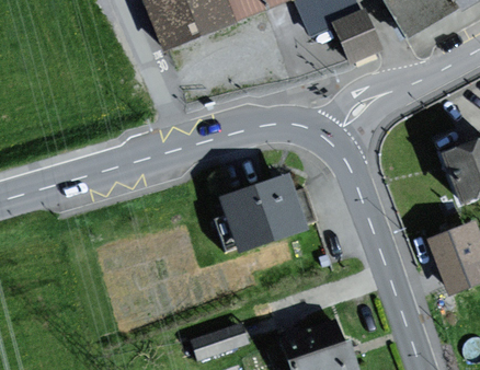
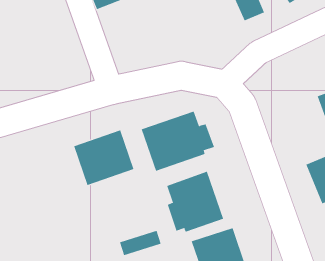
building: none -> [73,130,134,186]
building: none -> [166,171,224,232]

